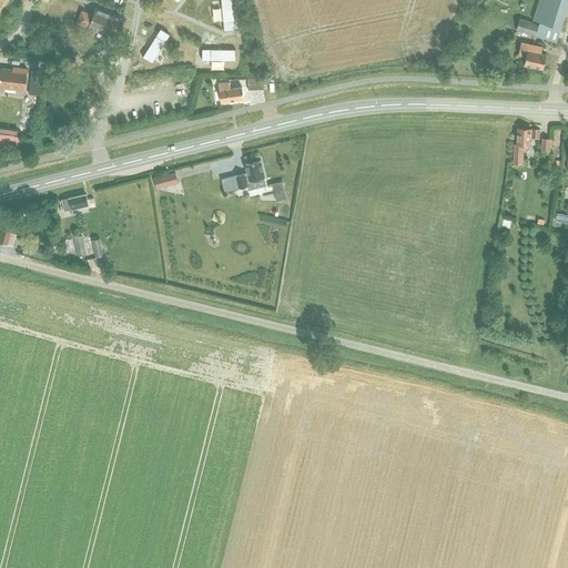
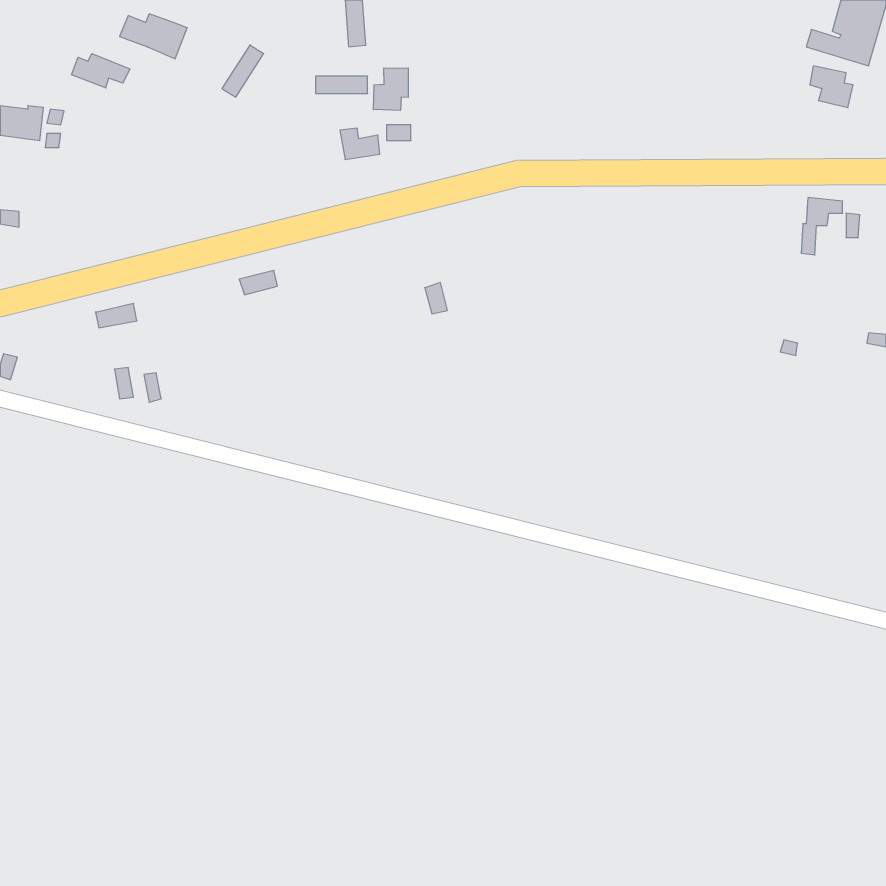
building: none -> [71,54,130,88]
building: none -> [373,68,408,110]
building: [235,160,265,189] -> none

